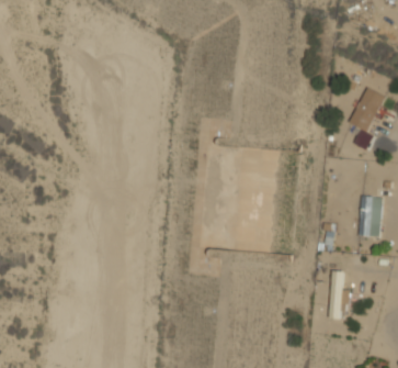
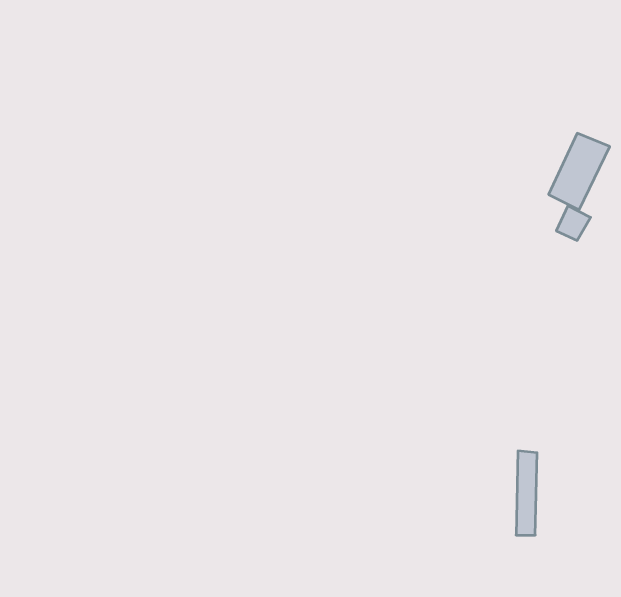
building: [360,198,380,234] -> none

